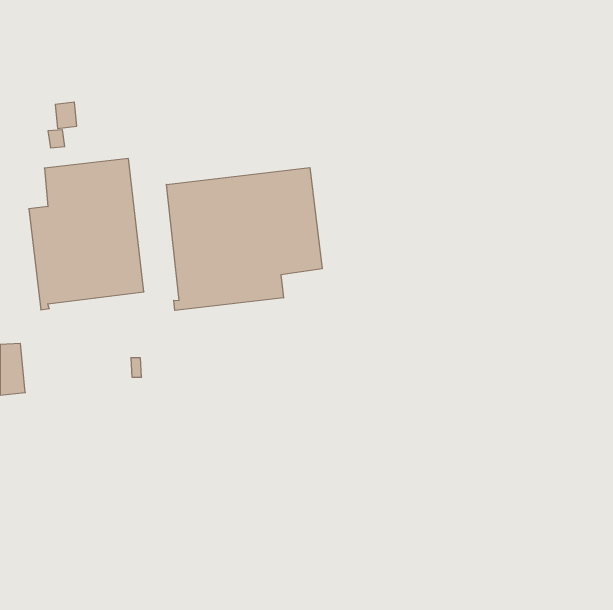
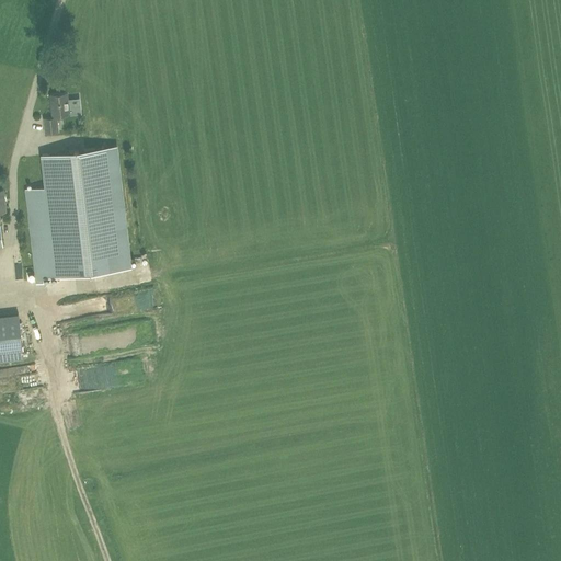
building: [166,168,322,310] -> none

